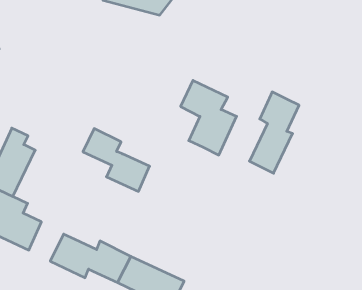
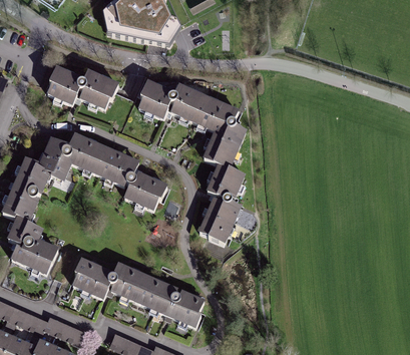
building: none -> [45,70,117,112]
building: none -> [135,81,203,123]
building: [249,92,299,173] -> [198,163,246,246]
building: none -> [36,137,106,182]

